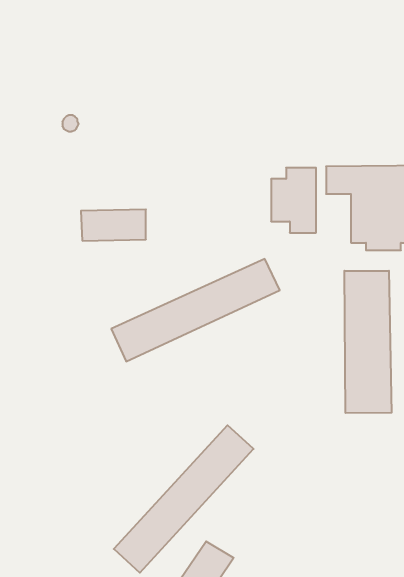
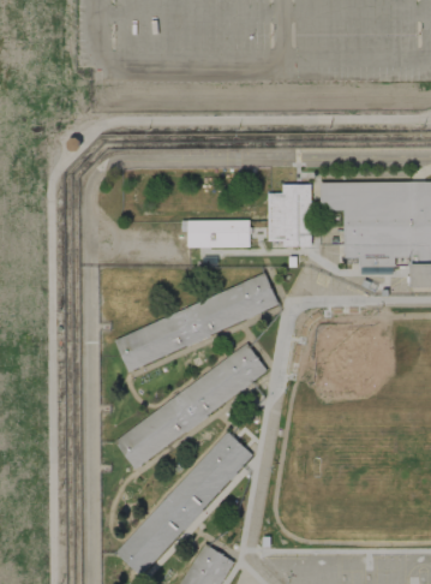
building: [81,209,146,241] -> [187,219,250,249]
building: [344,271,392,413] -> none
building: none -> [118,344,267,467]

